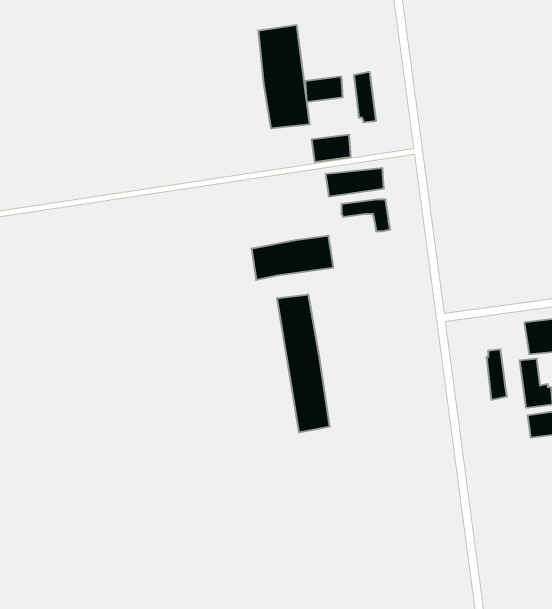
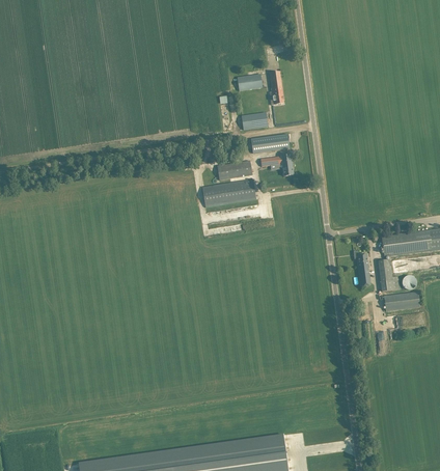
building: [258,25,310,129] -> none
building: none -> [217,160,251,181]
building: [277,294,329,433] -> none

